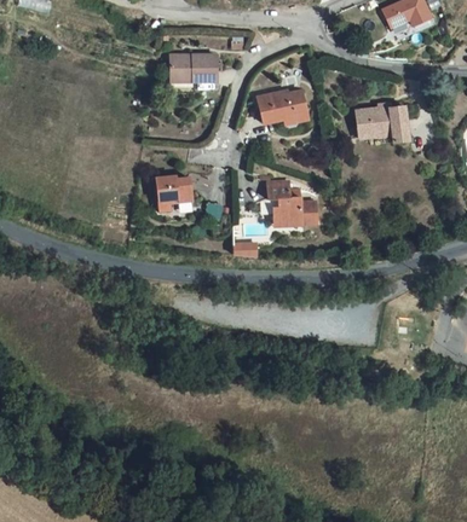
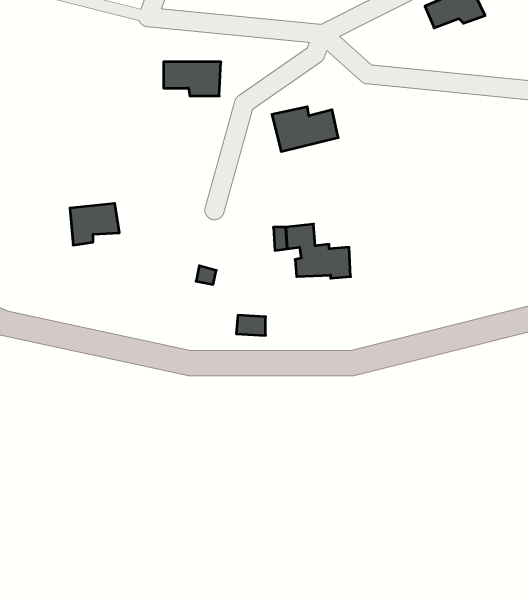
building: [354,104,409,140] -> none
building: [154,175,192,208] -> [70,203,119,245]

